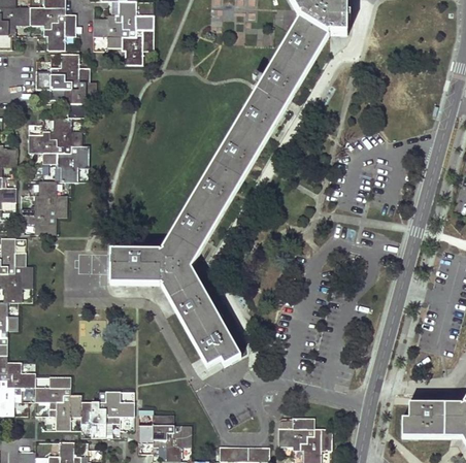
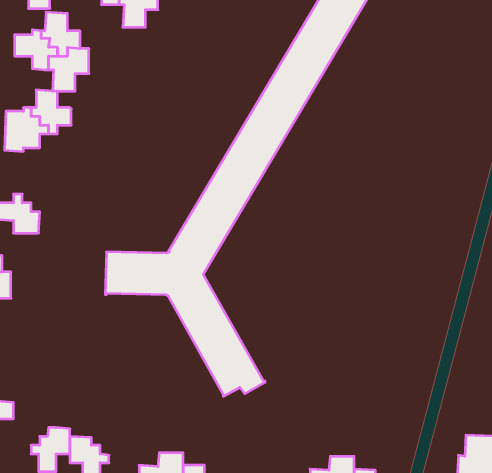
building: [56,144,88,180] -> none
building: [34,179,66,216] -> none
building: [34,375,70,407] -> none
building: [98,390,133,422] -> none

